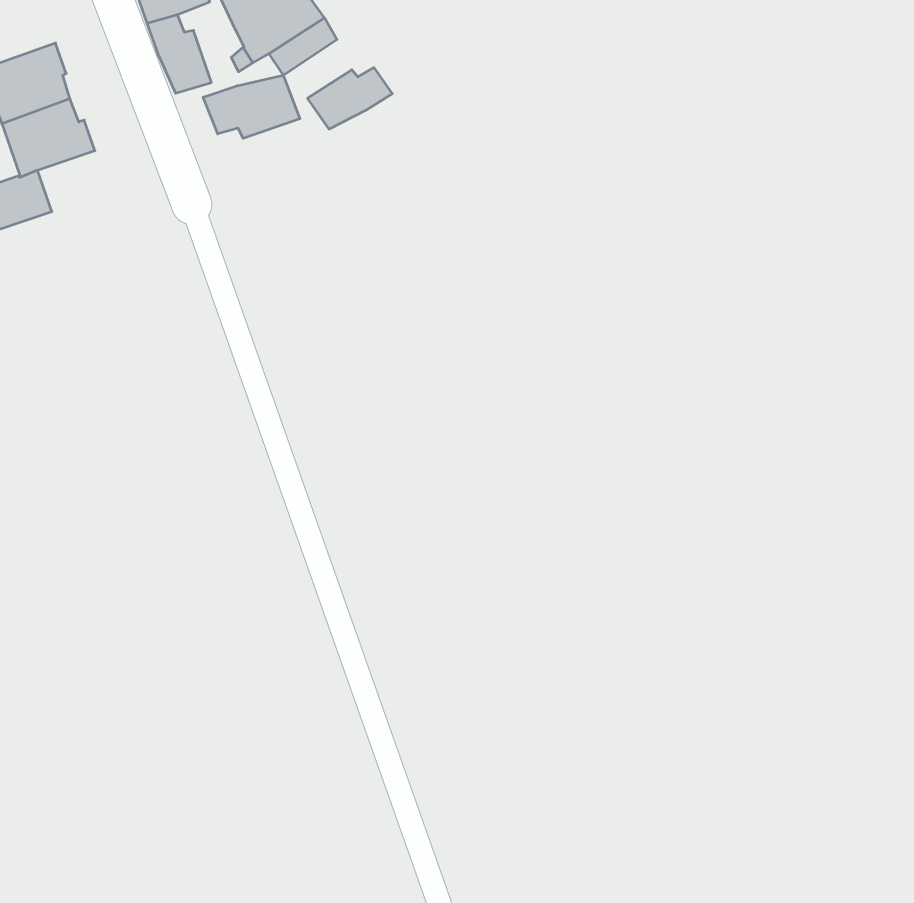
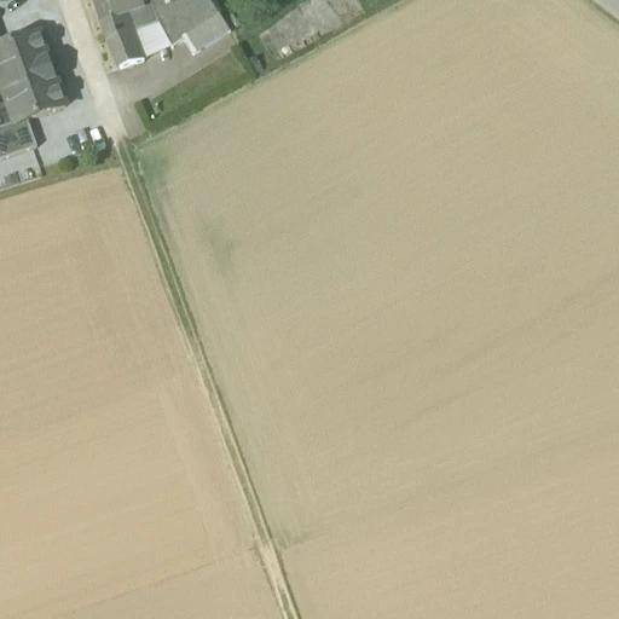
building: [308,68,392,129] -> none
building: [203,75,300,138] -> none

